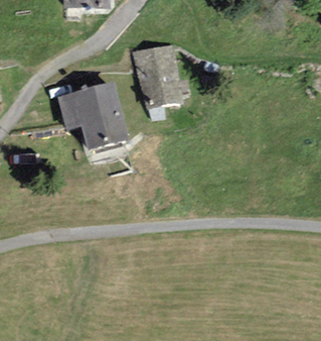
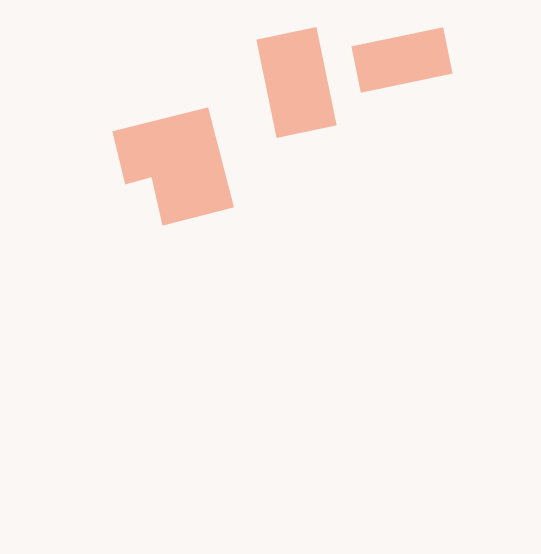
building: none -> [351,27,453,93]

